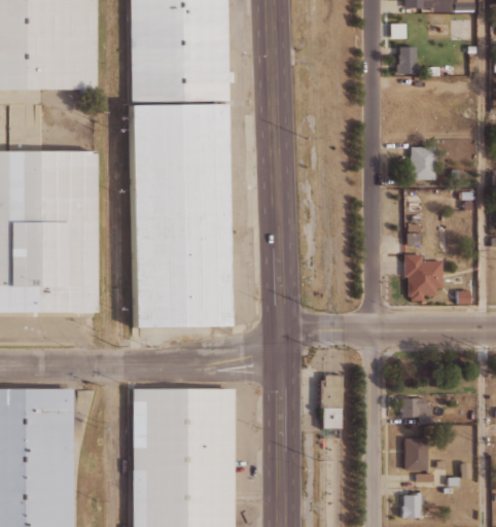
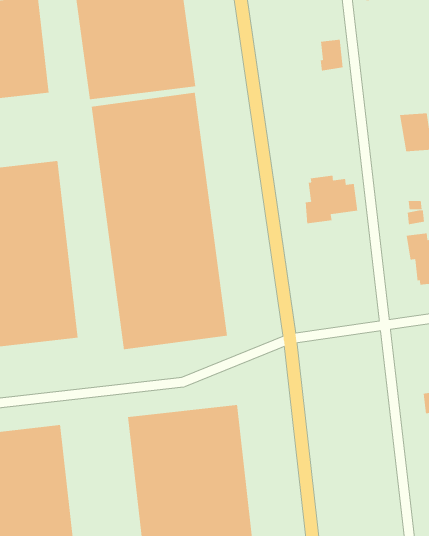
building: [396,46,417,73] -> [320,39,344,71]
building: none -> [305,175,358,224]
building: [321,374,344,437] -> none

